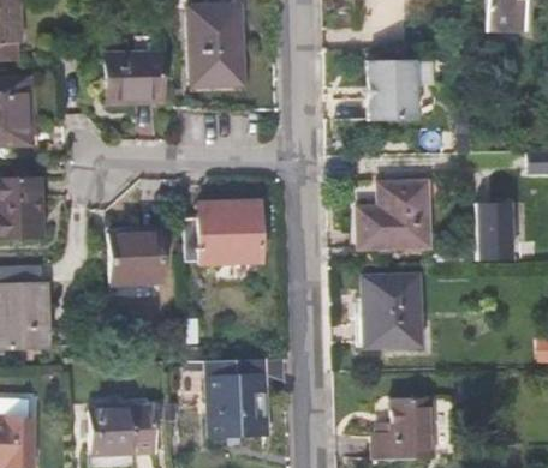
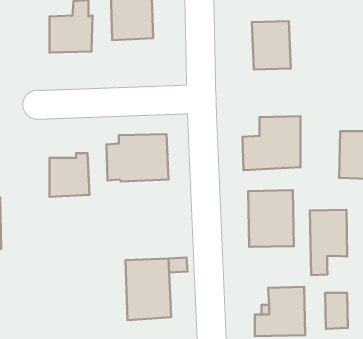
building: none -> [310,210,347,275]
building: none -> [325,293,348,329]
building: [88,408,155,451] -> none

